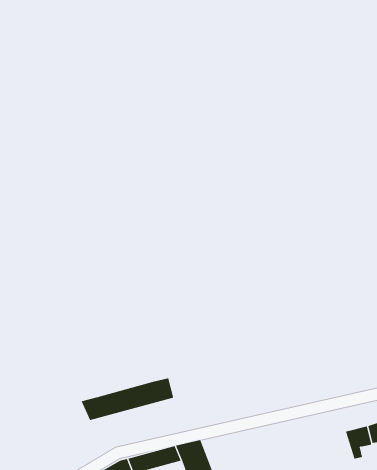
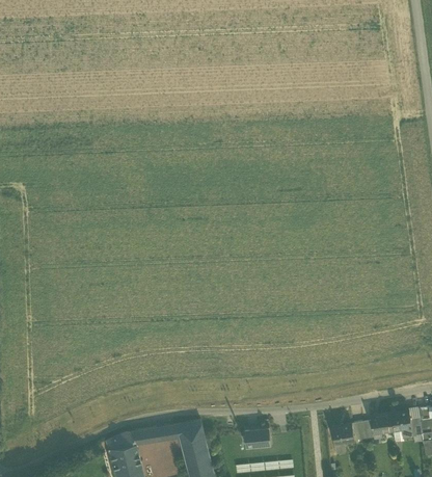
building: [81,377,174,421] -> none
building: none -> [244,427,270,448]

